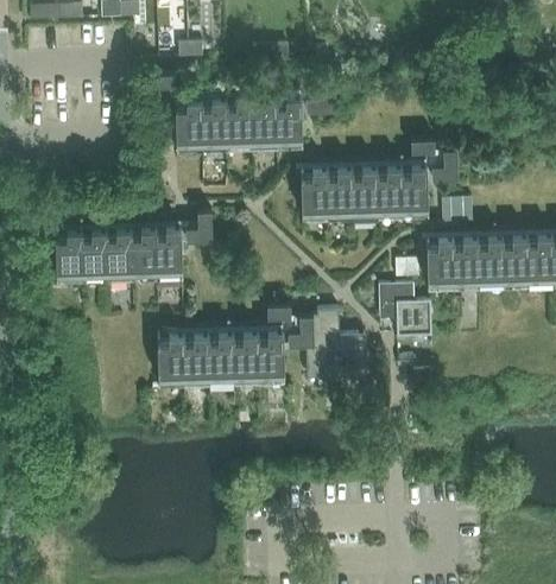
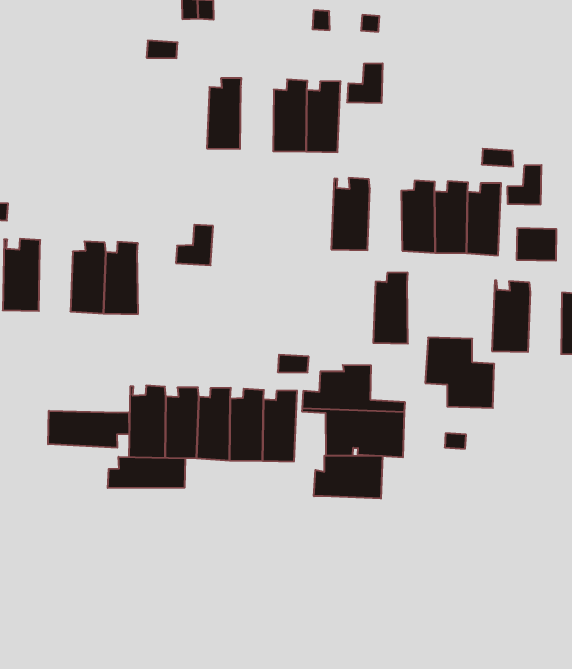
building: [226,95,253,148] -> none
building: [175,96,203,151] -> none
building: [328,164,355,218] -> [373,273,408,344]
building: [156,223,182,278] -> none
building: [82,226,108,280] -> none
building: [454,234,480,287] -> none
building: none -> [48,411,129,448]
building: none -> [314,456,382,499]
building: none -> [108,457,185,488]

